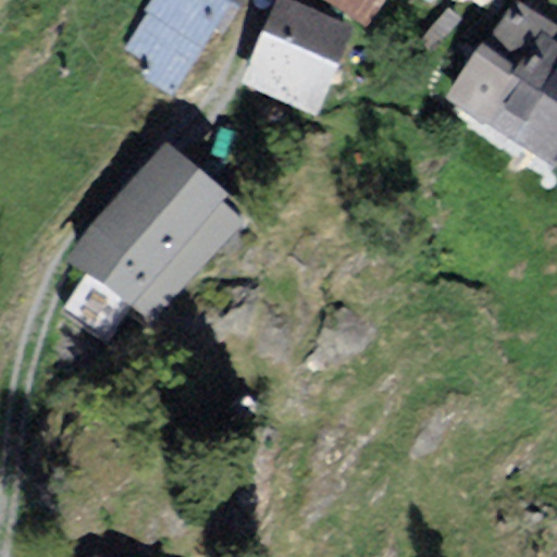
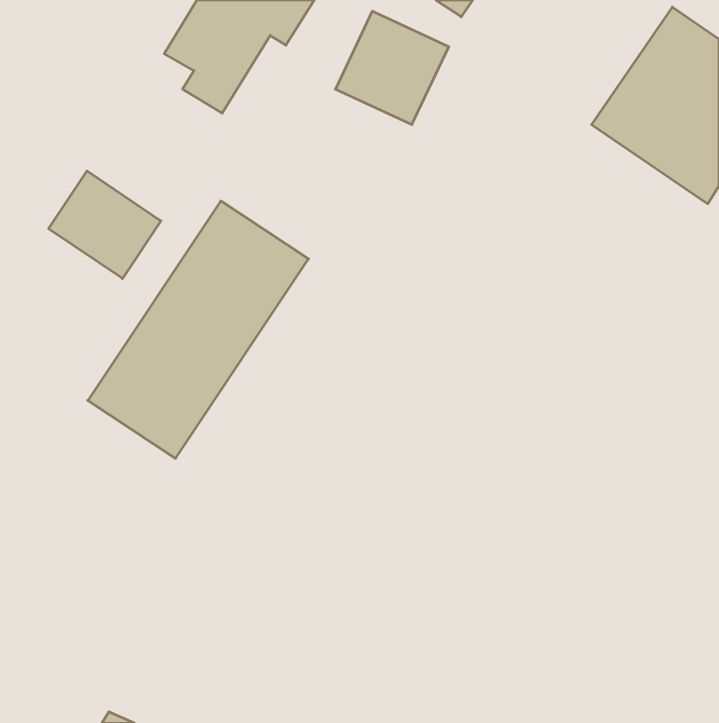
building: none -> [49,171,161,279]

